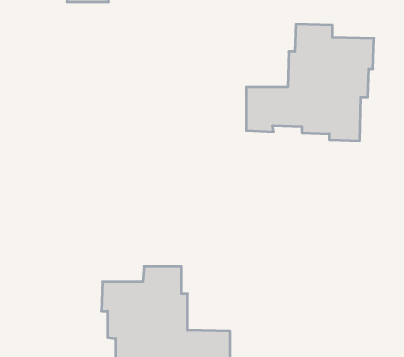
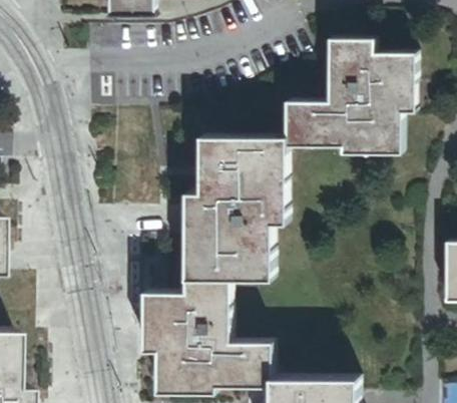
building: none -> [186,138,288,280]

